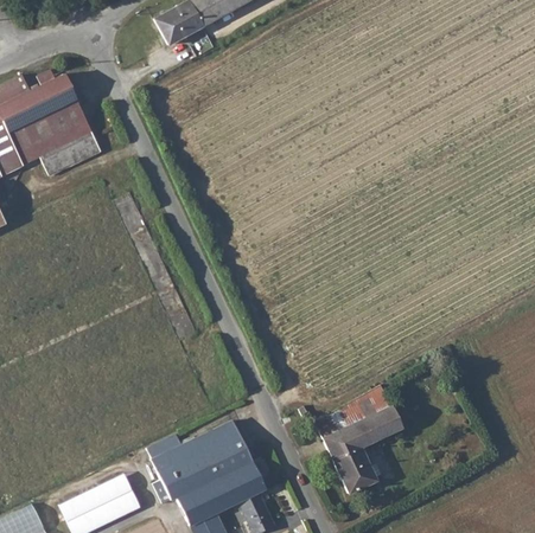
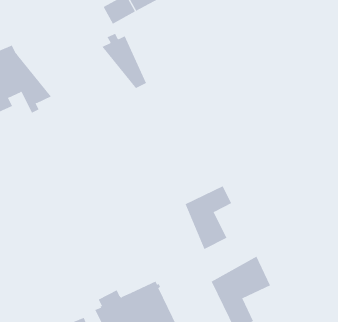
building: [30,69,96,150] -> [102,33,147,89]
building: none -> [185,186,232,250]

